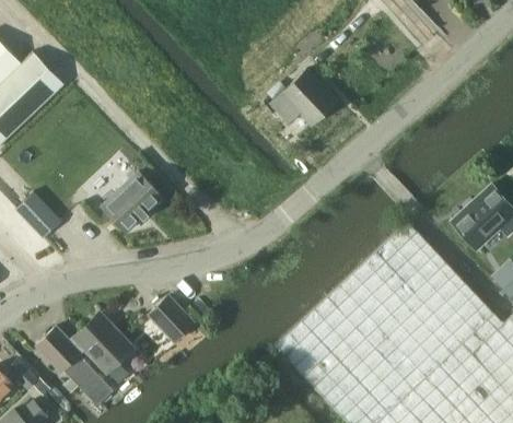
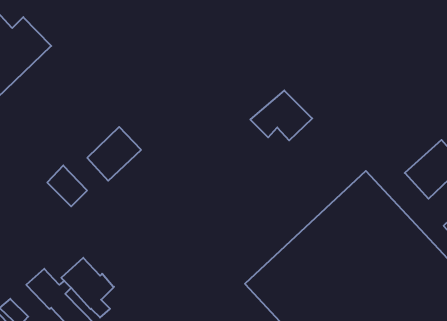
building: [270,71,338,126] -> [250,90,312,140]
building: [15,190,59,235] -> [47,165,87,206]
building: [148,297,193,342] -> none

